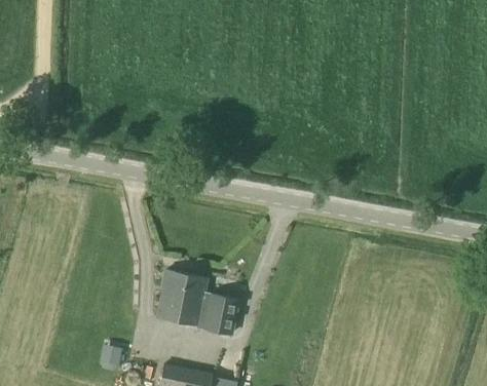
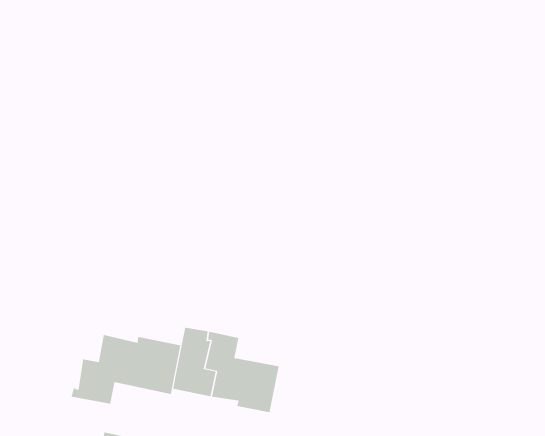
building: none -> [71,334,181,404]

